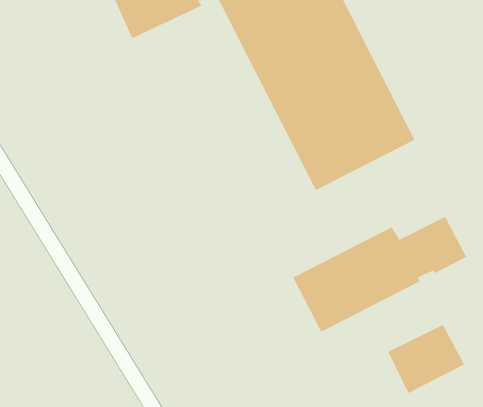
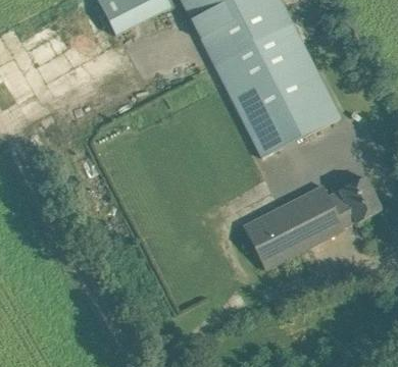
building: [388,324,465,394] -> none

